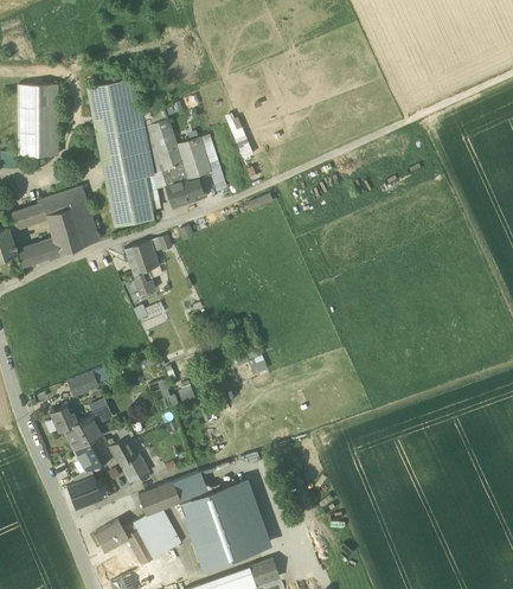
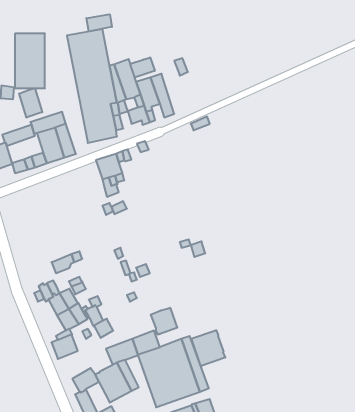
building: none -> [86,14,112,31]
building: none -> [130,57,155,77]
building: none -> [19,88,42,118]
building: none -> [151,308,177,335]
building: none -> [192,330,225,366]

